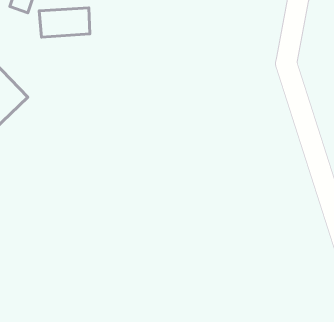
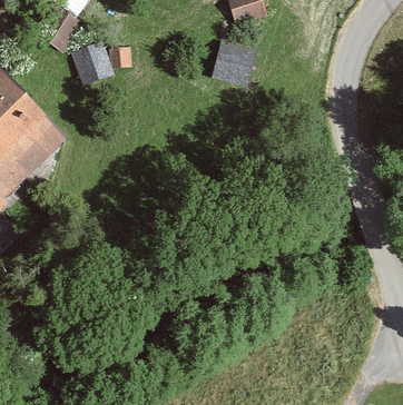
building: none -> [214,39,253,80]

